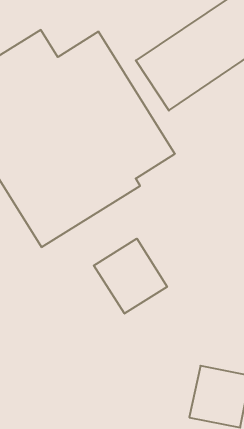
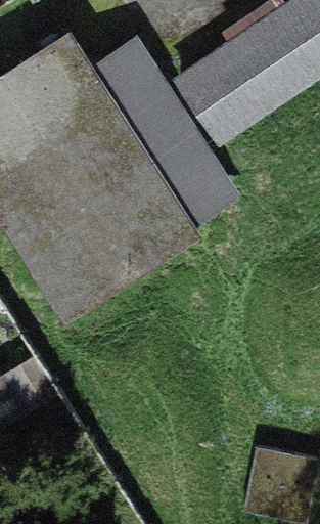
building: [94,239,167,314] -> none

